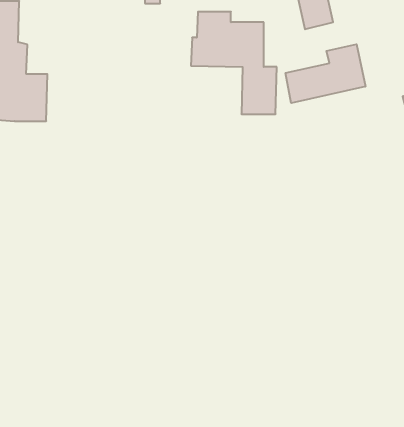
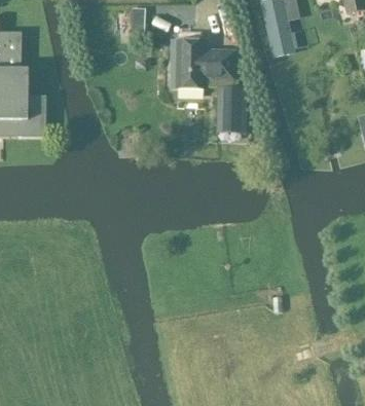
building: [286,44,365,103] -> none

